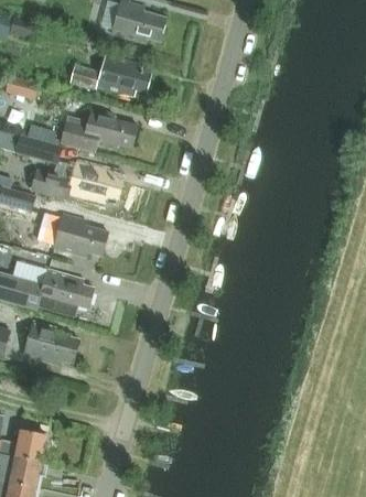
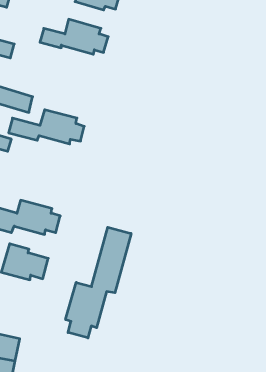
building: [60,107,138,152] -> none
building: [37,213,109,256] -> none
building: none -> [66,227,131,338]

